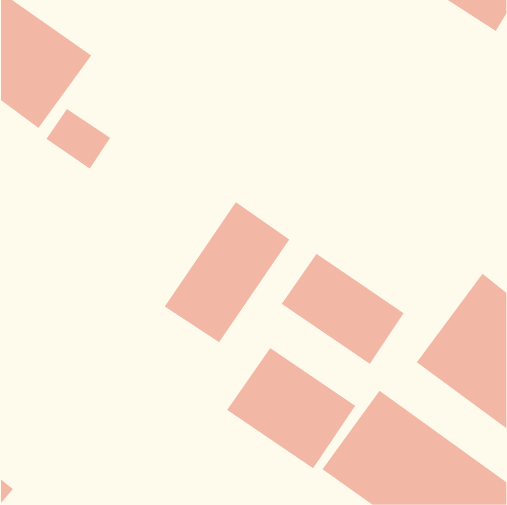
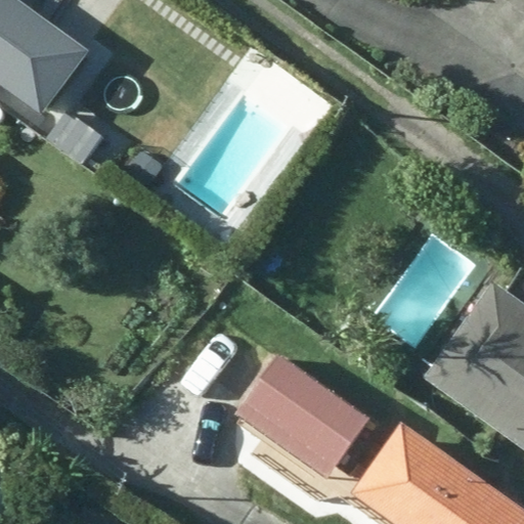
building: [164,201,290,343] -> none
building: [281,253,404,365] -> none

